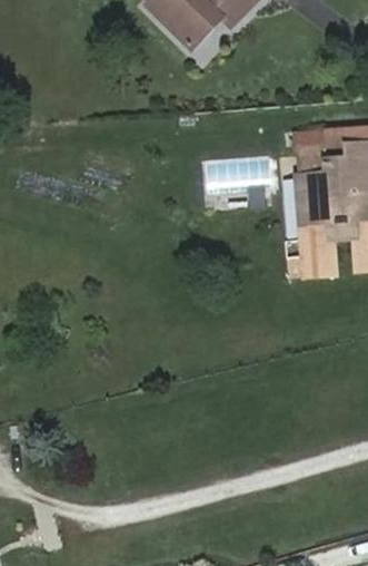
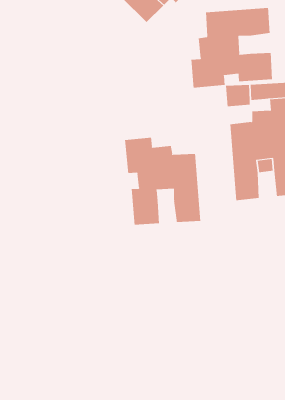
building: none -> [191,7,273,88]
building: none -> [125,137,201,225]

